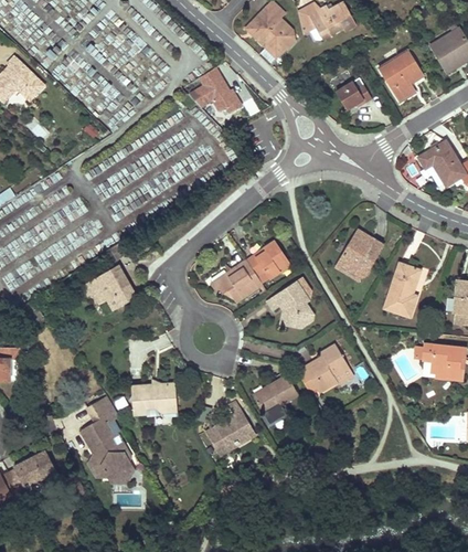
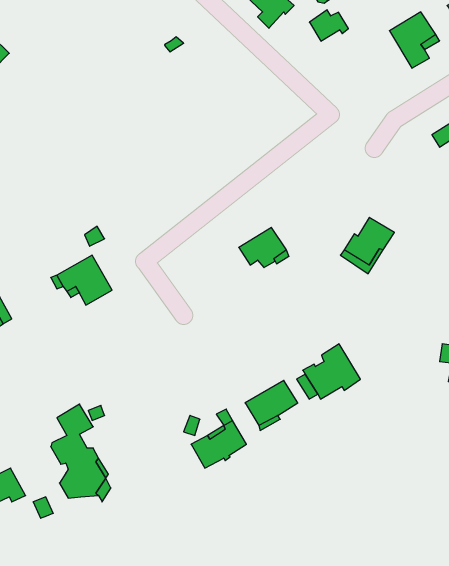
building: [189,68,243,112] -> none
building: [336,82,370,109] -> [309,10,348,41]
building: [210,258,262,300] -> none
building: [385,263,421,316] -> none
building: [266,279,313,329] -> none
building: [130,384,176,415] -> none

